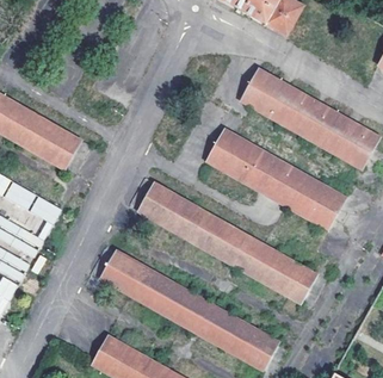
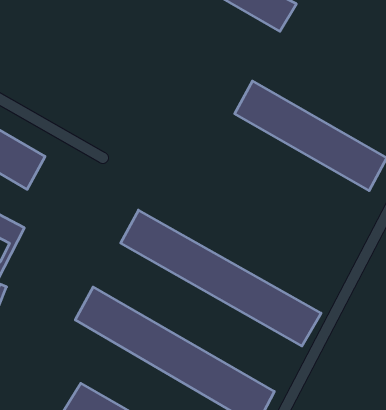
building: [209,131,342,228] -> none

